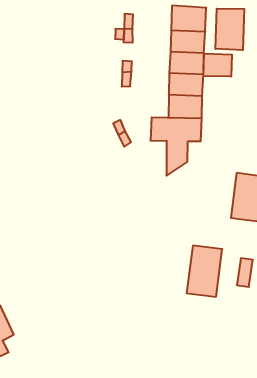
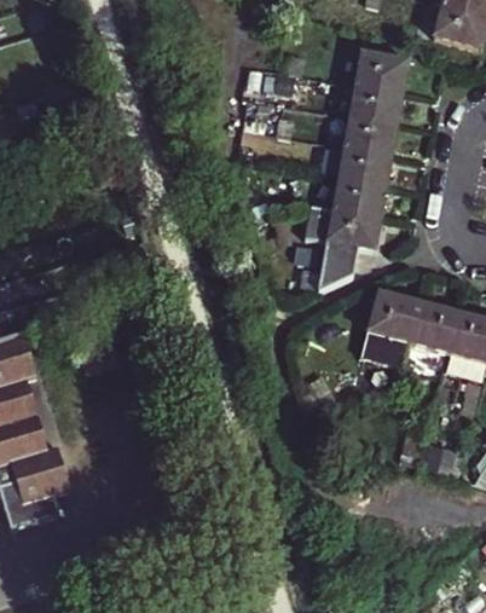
building: [215,9,244,50] -> none
building: [203,54,232,77] -> none
building: [187,246,222,297] -> [360,289,420,366]

